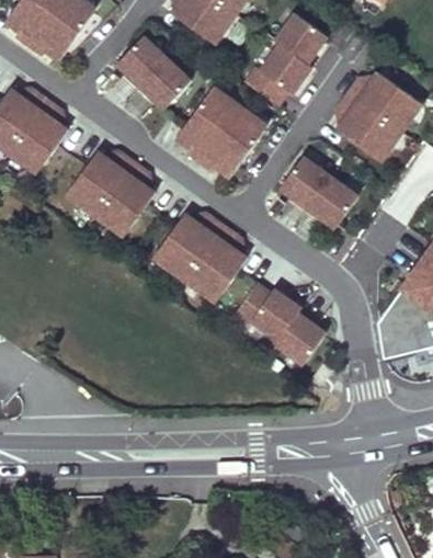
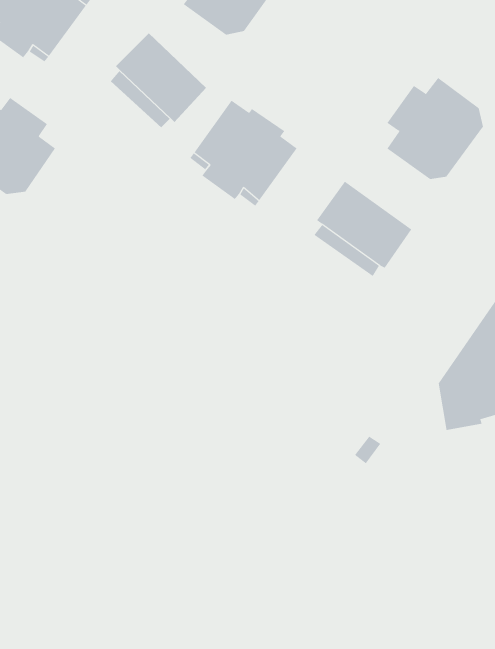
building: [246,13,327,104] -> none
building: [72,150,156,229] -> none
building: [159,213,247,295] -> none
building: [233,283,326,363] -> none

